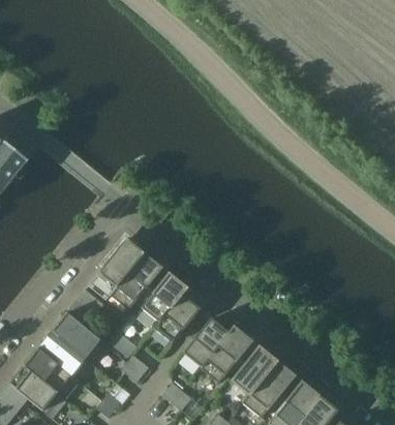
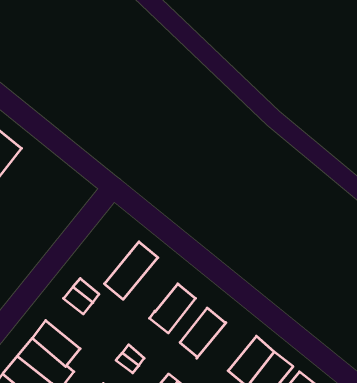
building: [88,239,143,300] -> none
building: [141,273,187,322] -> none
building: [51,312,107,365] -> none
building: [200,326,251,382] -> none

